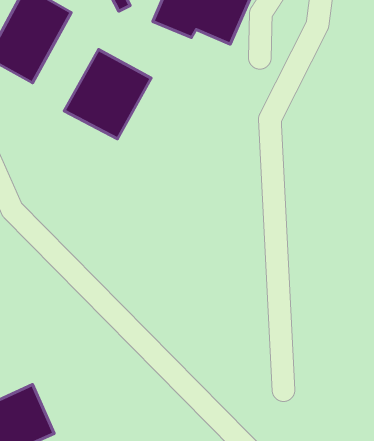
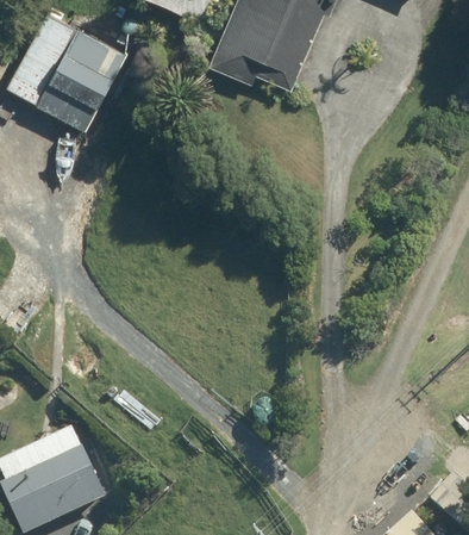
building: [64,49,151,139] -> none

